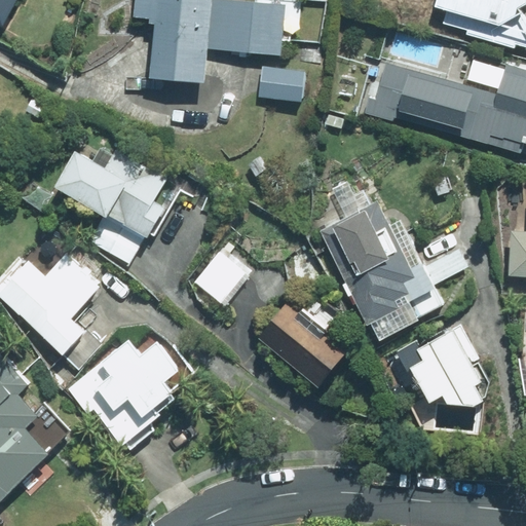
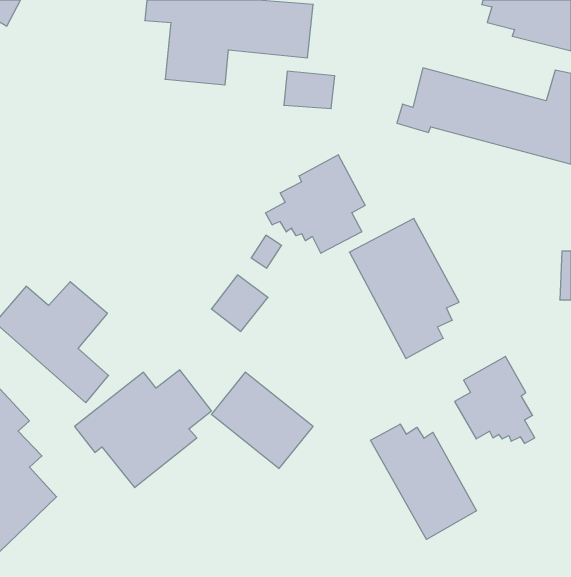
building: none -> [266,155,365,253]
building: [55,149,168,264] -> none
building: [258,299,350,386] -> [211,372,313,468]
building: none -> [371,424,476,539]

